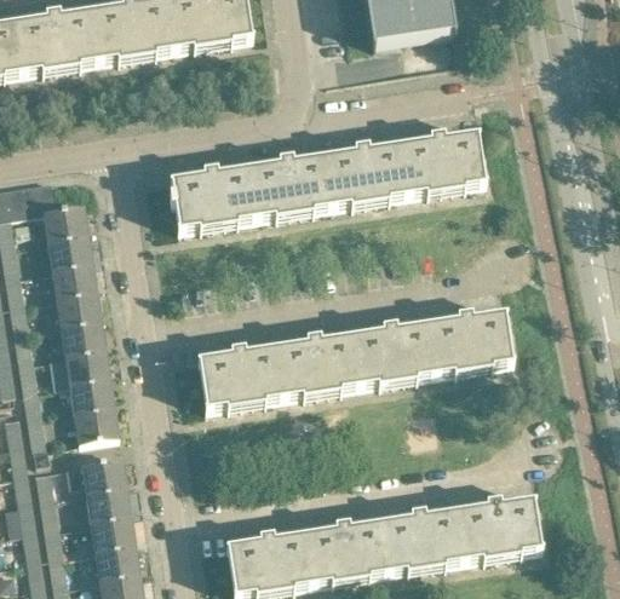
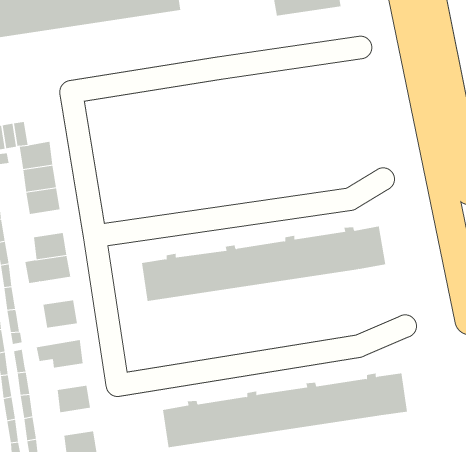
building: [168,129,483,226] -> none
building: [56,288,99,323] -> none
building: [69,374,113,409] -> none
building: [86,484,130,518] -> none
building: [94,541,138,576] -> none

